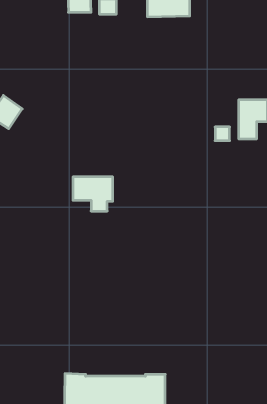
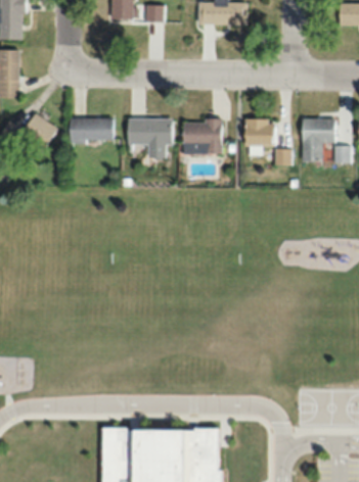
building: none -> [70,118,113,142]
building: none -> [183,119,222,154]
building: none -> [244,120,275,146]
building: [73,177,113,211] -> [127,118,172,157]

